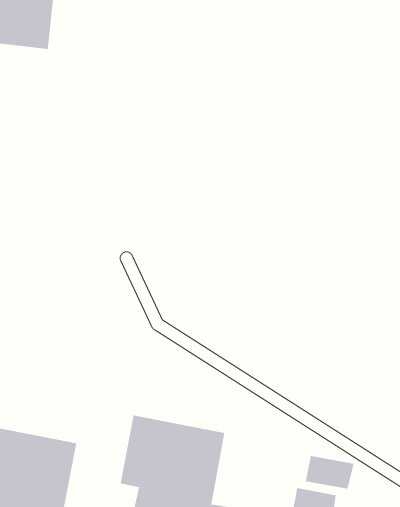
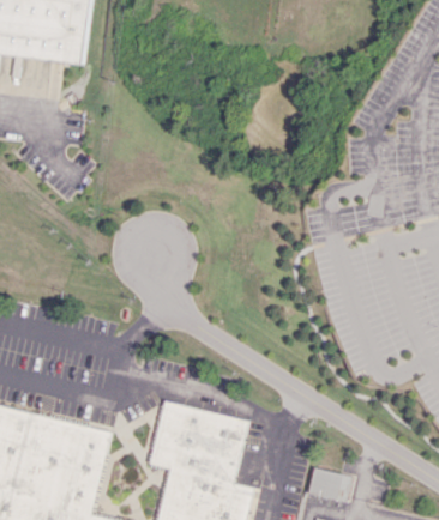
building: [305,455,354,489] -> none

